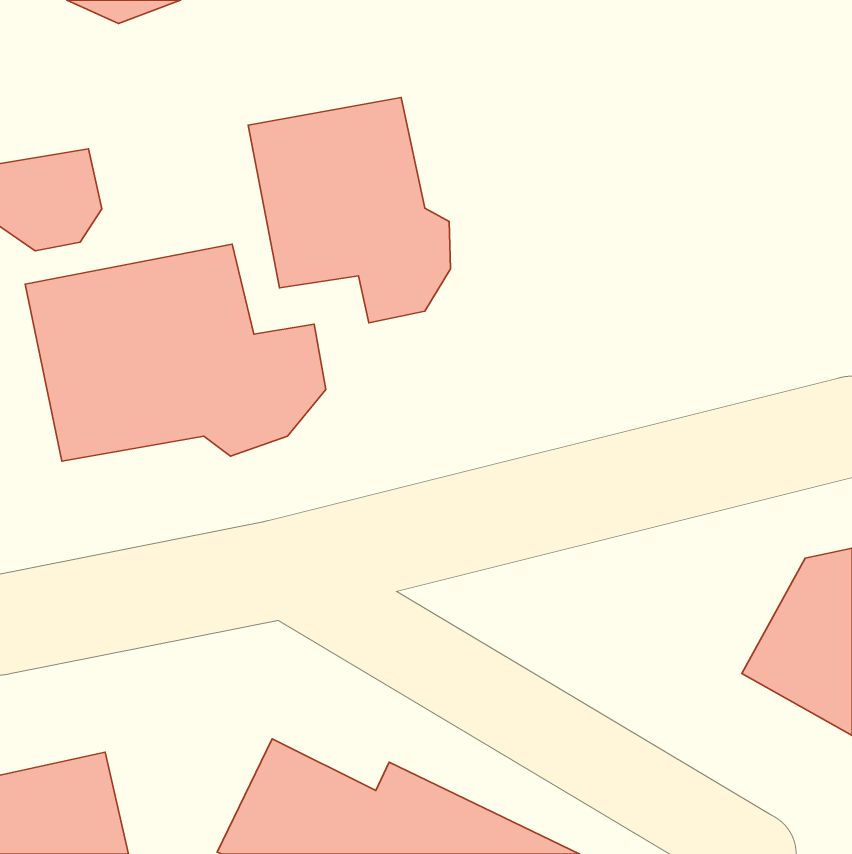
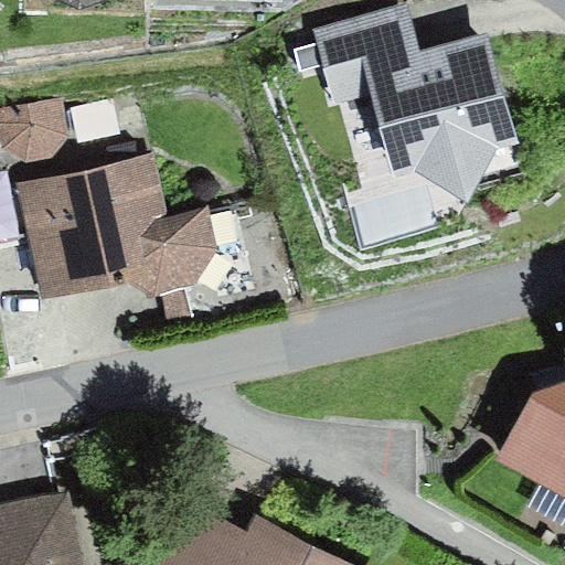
building: none -> [312,6,520,207]
building: [248,97,451,323] -> none

